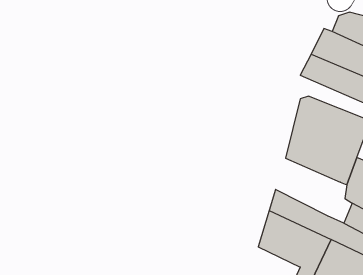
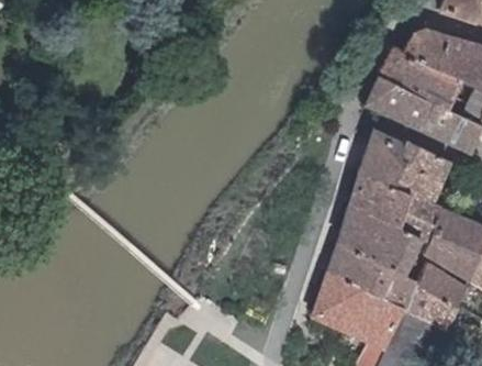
building: none -> [337,204,415,274]

